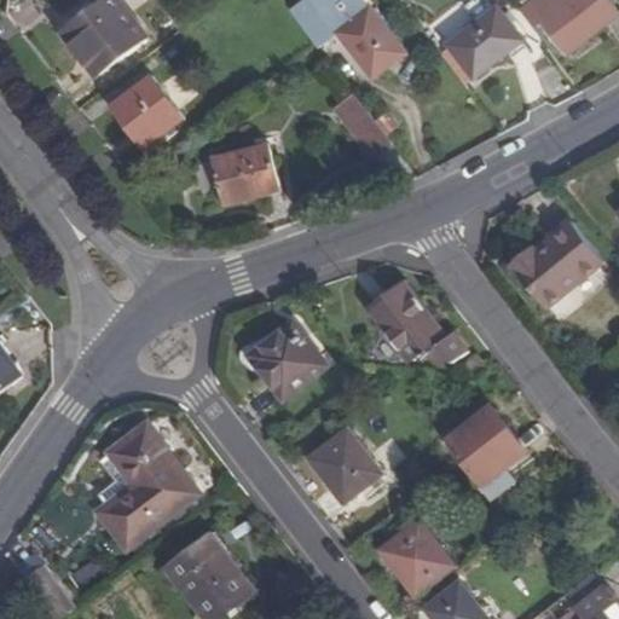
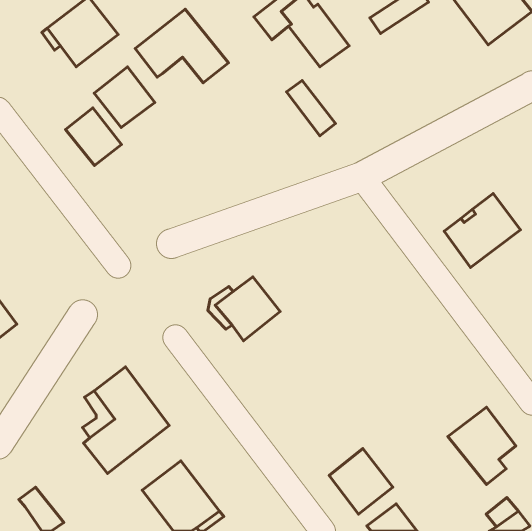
building: [444,7,521,80] -> none
building: none -> [135,9,228,83]
building: none -> [66,108,122,165]
building: [209,141,278,204] -> none
building: [366,283,465,361] -> none
building: [444,404,522,493] -> [448,407,516,485]
building: [307,428,381,501] -> none

